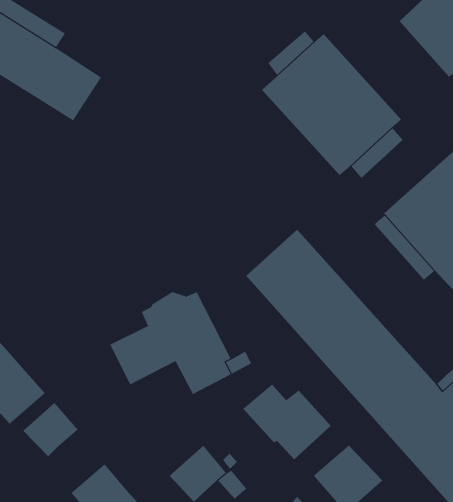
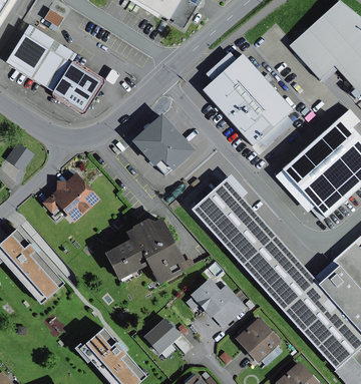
building: none -> [132,114,194,176]
building: none -> [43,171,101,223]
building: [23,402,79,457] -> none

